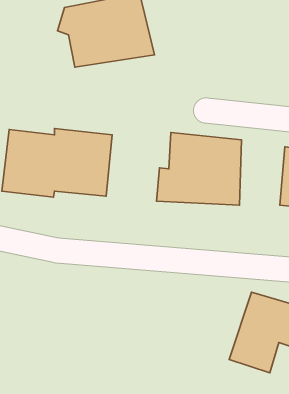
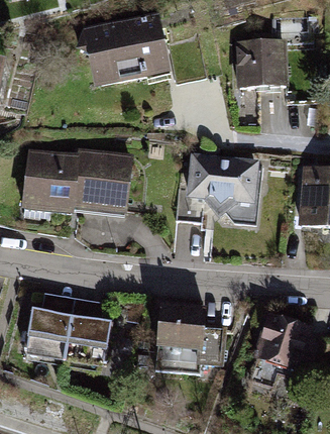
building: none -> [234,37,291,89]
building: none -> [27,292,116,364]
building: none -> [156,301,224,375]

